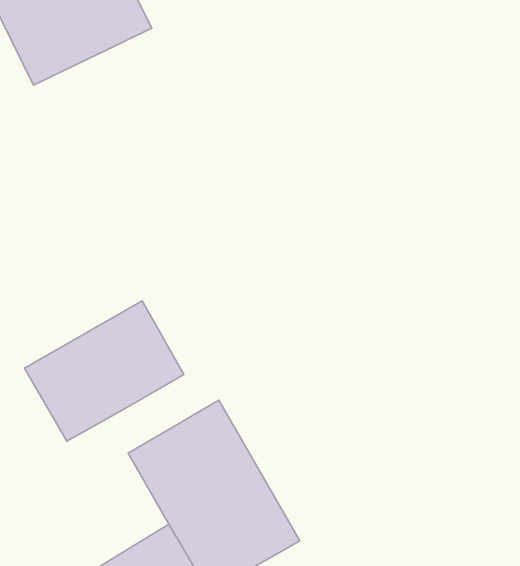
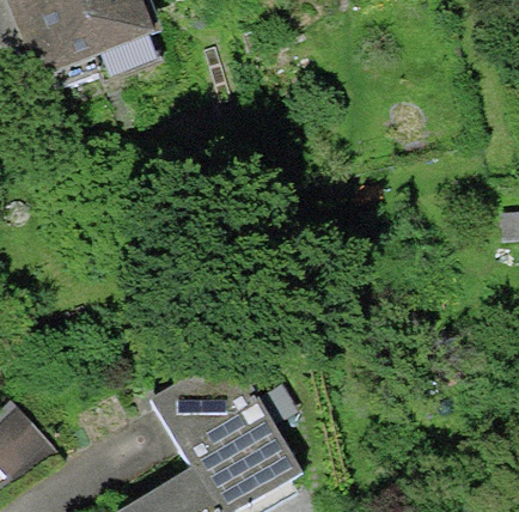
building: [24,301,184,441] -> none

